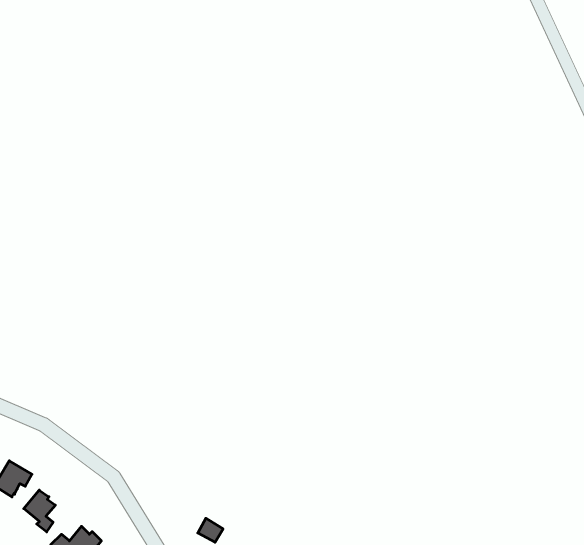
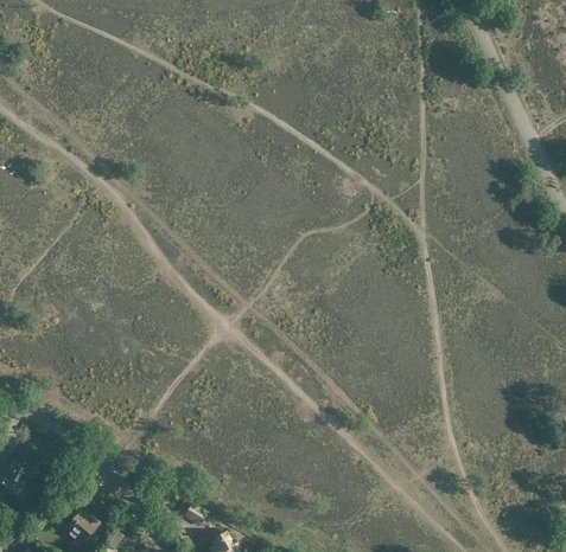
building: [24,490,55,532] -> none

